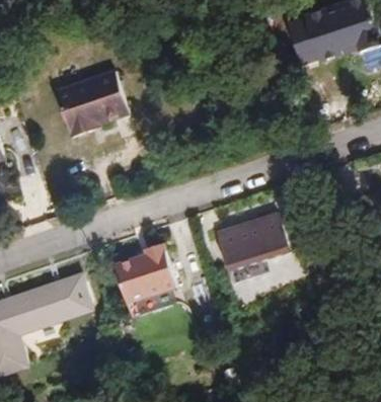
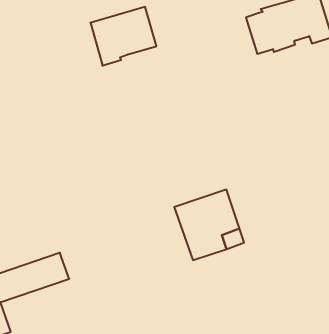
building: [57,75,129,139] -> [90,7,156,66]
building: [113,245,176,303] -> none

